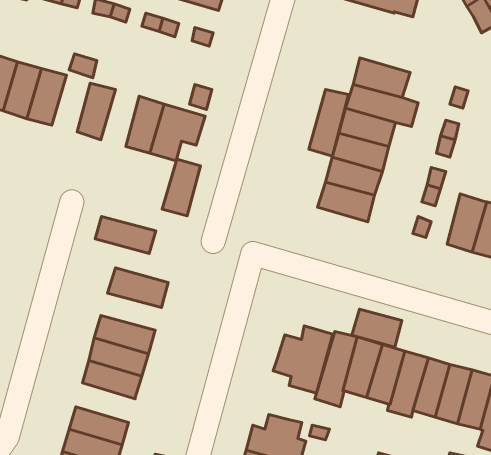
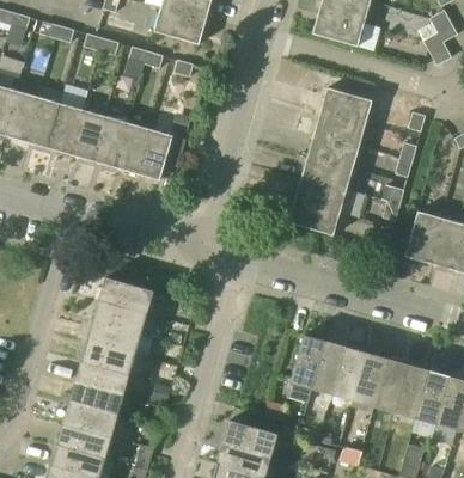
building: none -> [48,103,83,154]
building: [309,90,349,156] -> none
building: [162,159,201,216] -> [92,116,127,167]
building: [95,216,156,253] -> [92,300,147,333]
building: [352,309,402,347] -> none
building: [273,326,333,393] -> none
building: none -> [69,381,129,418]

